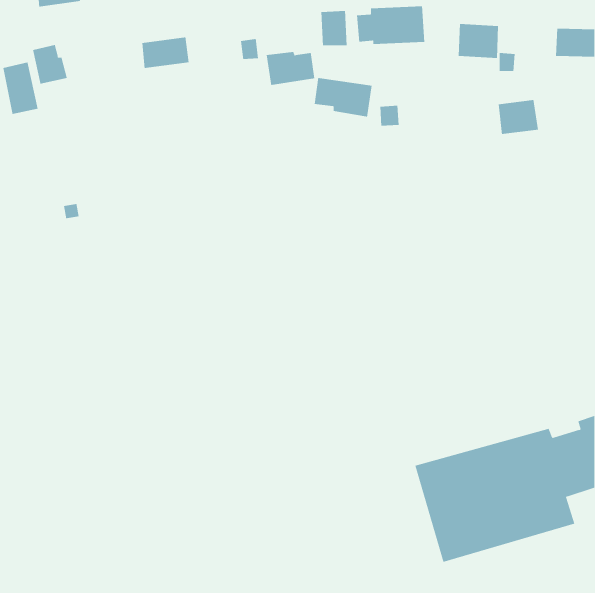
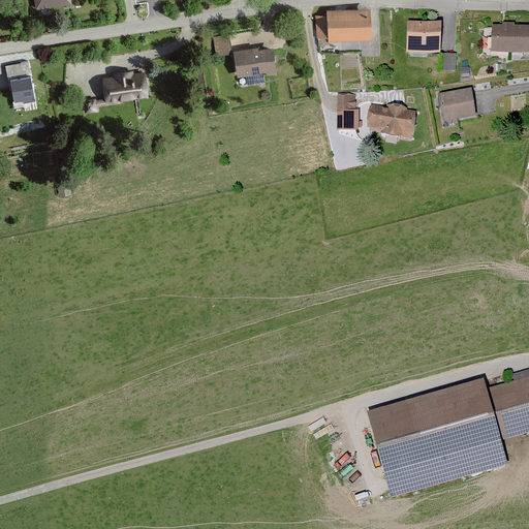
building: [321,10,347,46] -> none
building: [142,37,190,68] -> [102,70,145,98]
building: [32,44,67,85] -> none
building: [314,77,373,117] -> [366,103,417,138]

